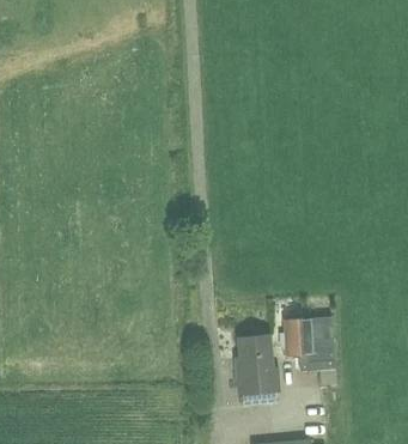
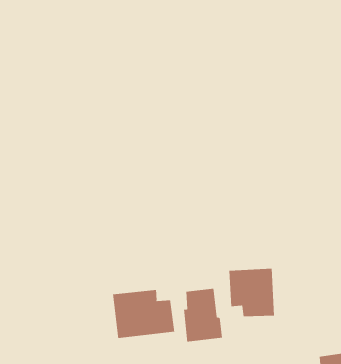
building: none -> [113,289,175,339]

